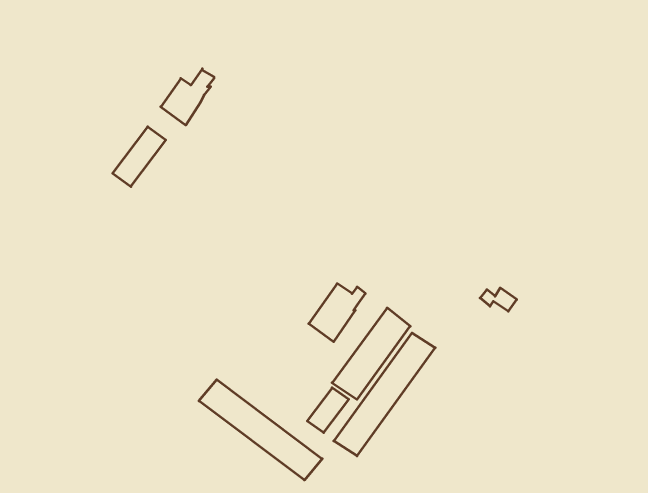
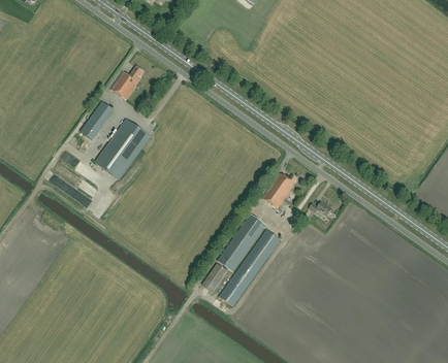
building: none -> [96,119,150,178]
building: [309,284,365,342] -> [262,172,297,208]
building: [199,380,322,480] -> none

